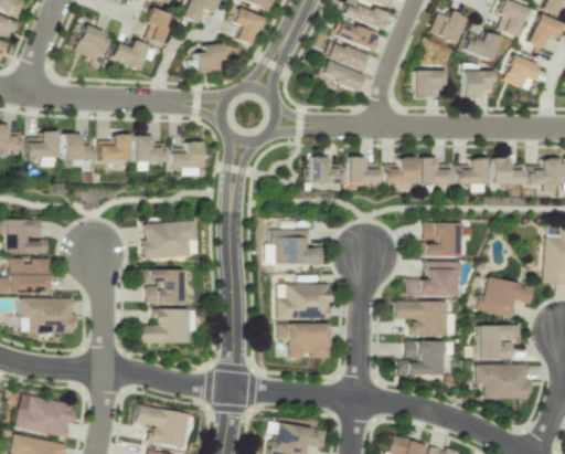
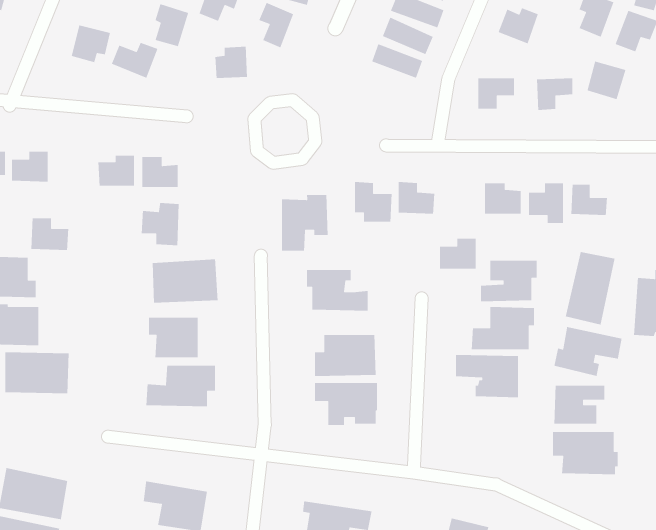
building: [463,32,502,62] -> none
building: [320,61,363,92] -> none
building: [63,134,95,161] -> [31,217,69,251]
building: [171,141,203,178] -> [141,202,179,246]
building: [384,158,415,184] -> [439,238,476,270]
building: [527,158,558,193] -> none
building: none -> [281,194,329,252]
building: none -> [565,251,616,326]
building: [398,340,447,374] -> none

